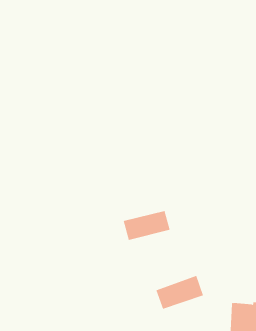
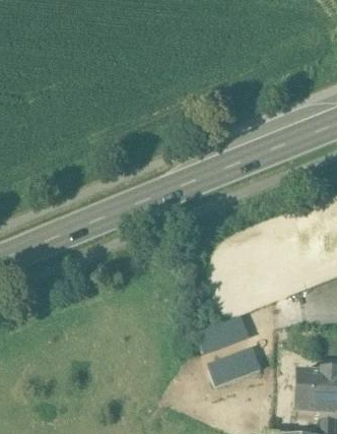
building: [123,210,171,240] -> [197,318,252,353]

